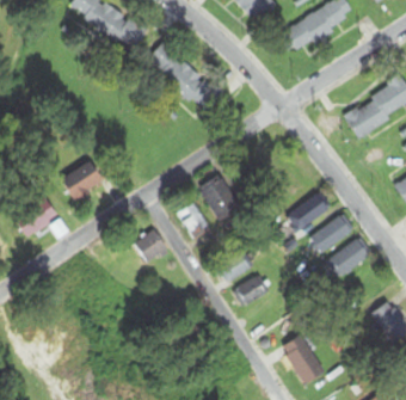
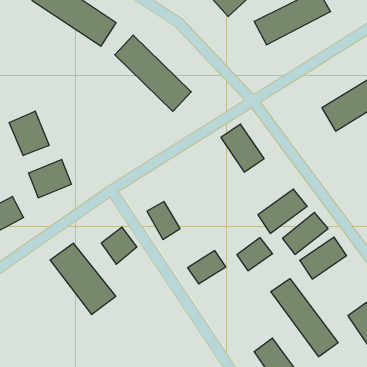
building: none -> [9,111,49,156]
building: [199,176,241,222] -> [221,124,264,172]
building: none -> [50,243,116,315]
building: [233,273,267,306] -> [237,238,273,271]
building: none -> [271,279,338,357]

